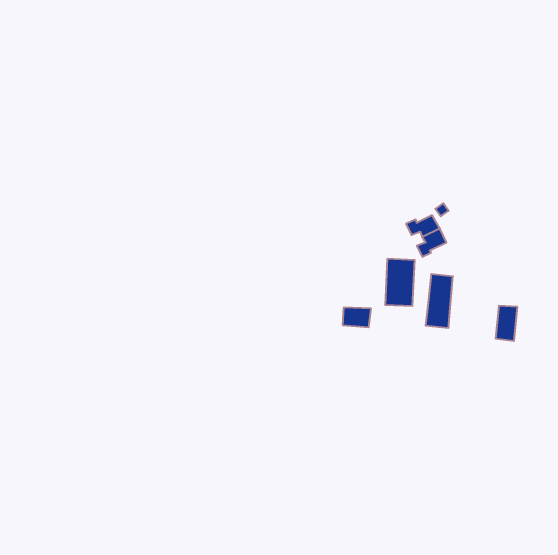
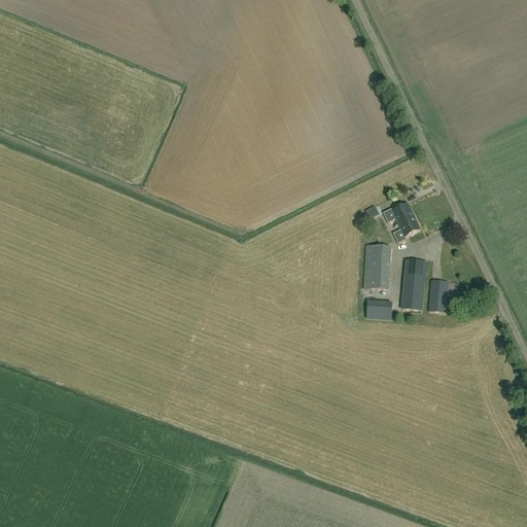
building: [496,306,517,341] -> [427,279,448,312]
building: [343,308,371,327] -> [365,300,392,318]

